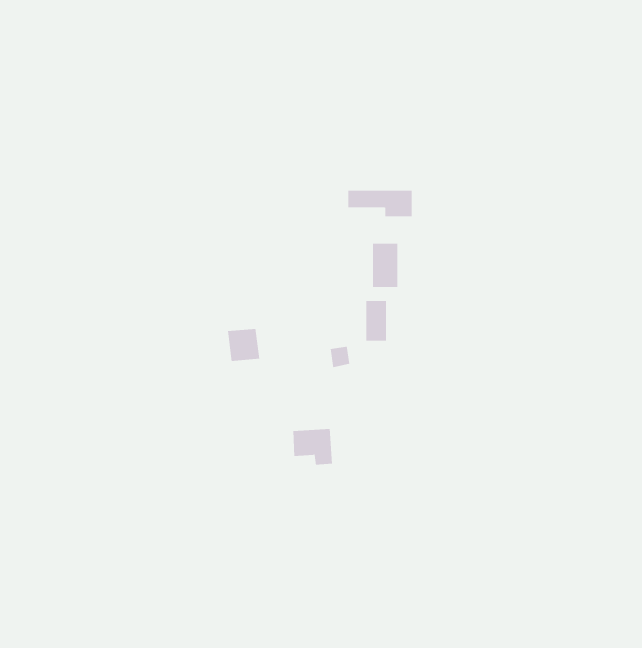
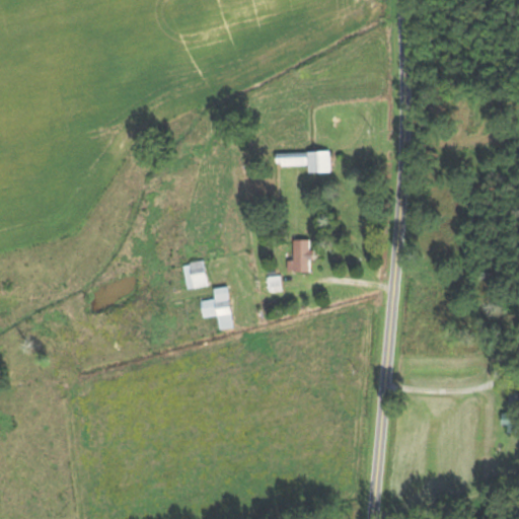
building: [373,243,398,288] -> none
building: [292,428,333,465] -> [200,296,232,325]

